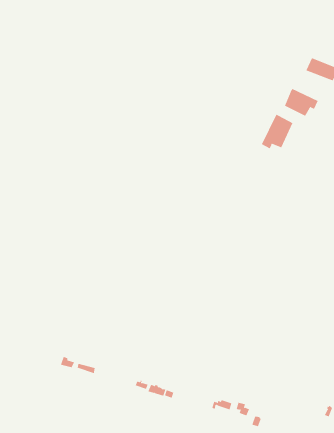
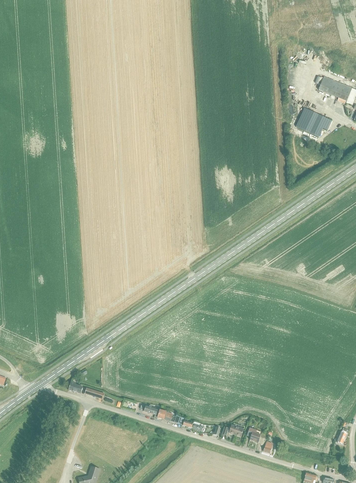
building: [261,114,293,149] -> none

